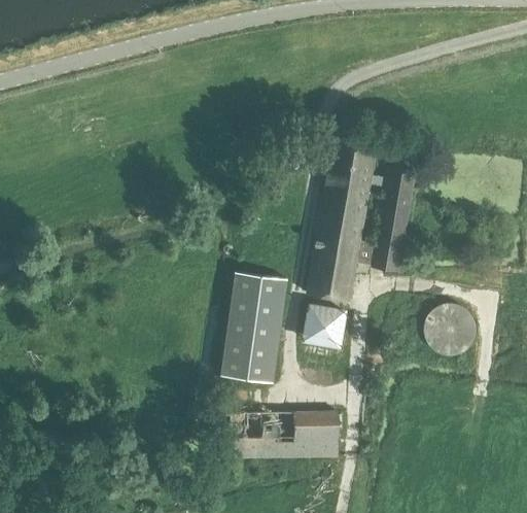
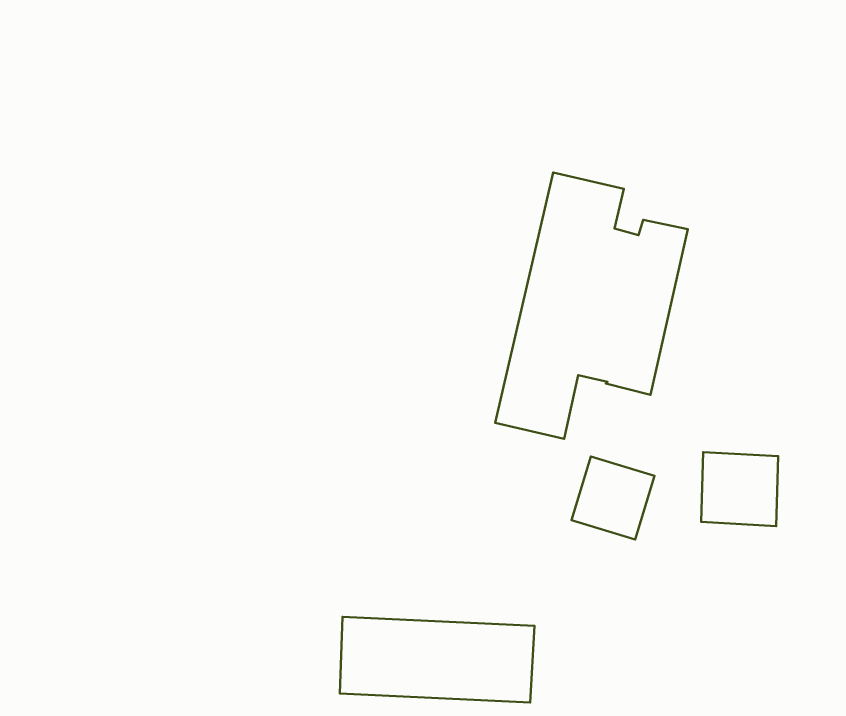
building: [220,273,286,383] -> none
building: [302,299,349,346] -> [571,456,654,539]

